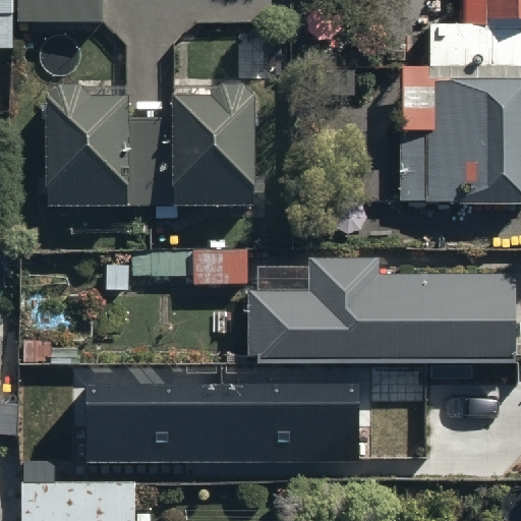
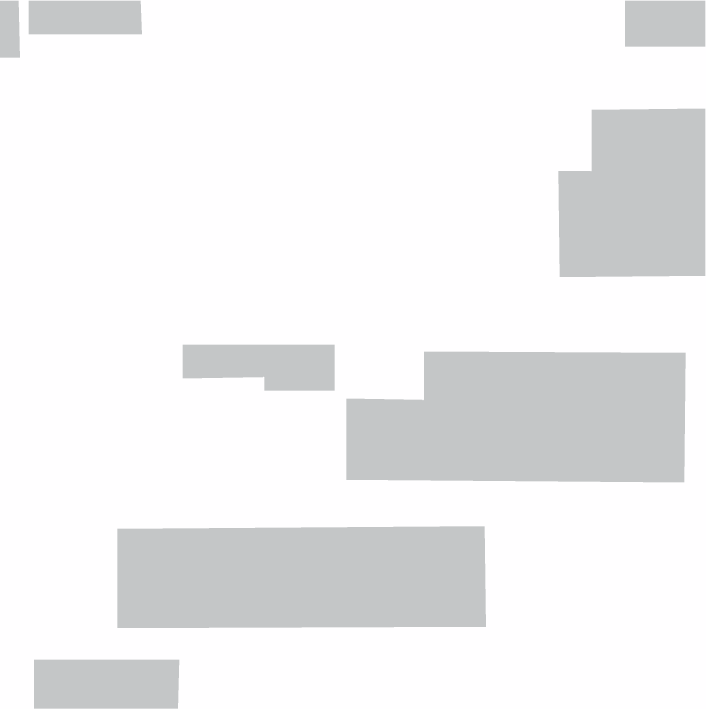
building: [169,84,256,212] -> none
building: [40,95,155,212] -> none

